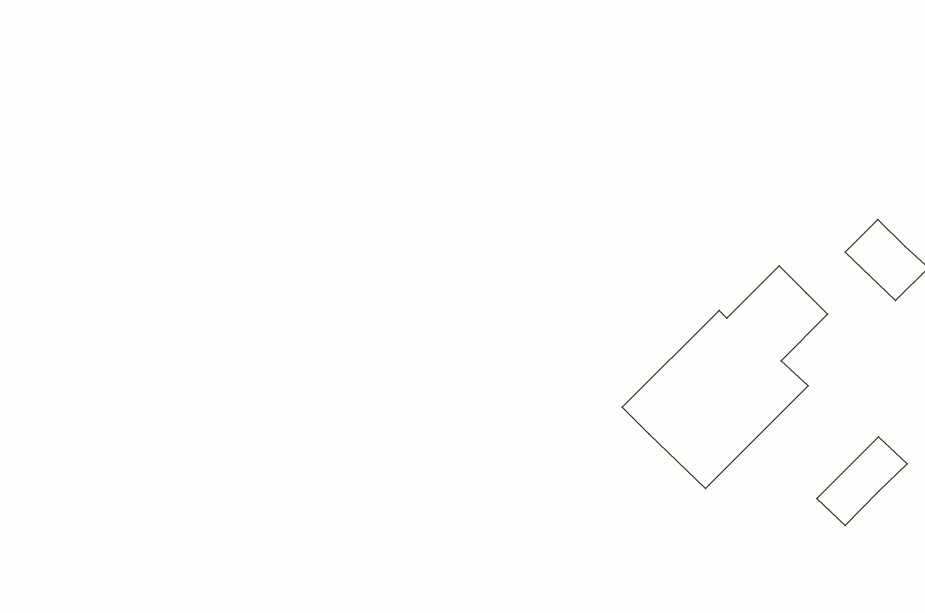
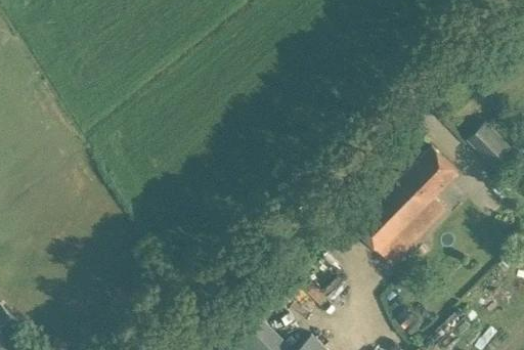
building: [817,437,907,525] -> none

